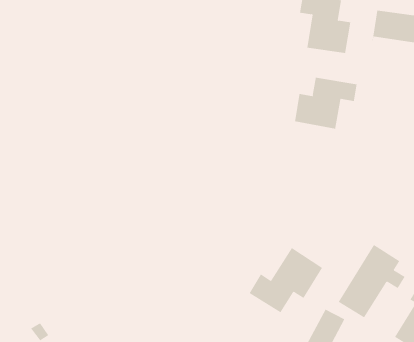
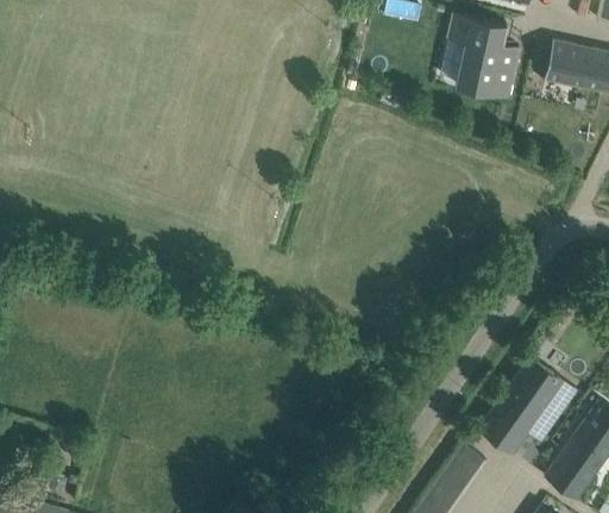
building: [294,77,357,130] -> none
building: [249,247,323,313] -> none

